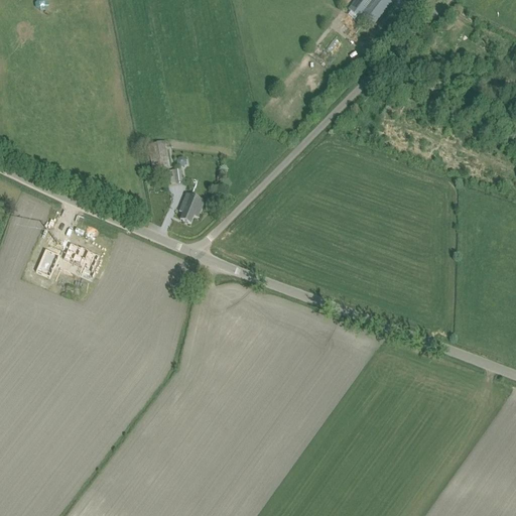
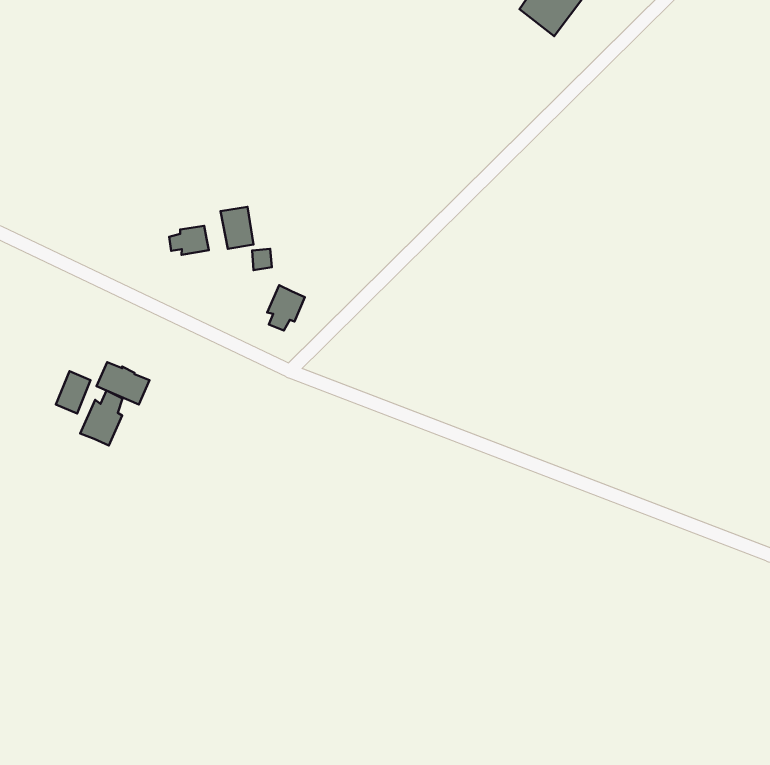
building: none -> [169,226,209,255]
building: none -> [80,391,122,445]

